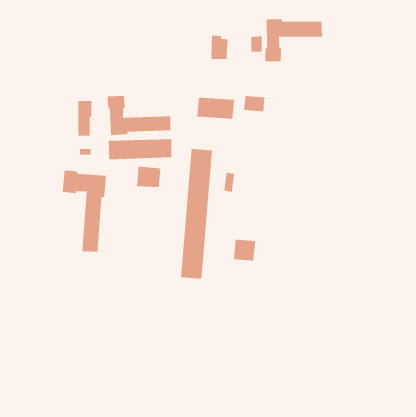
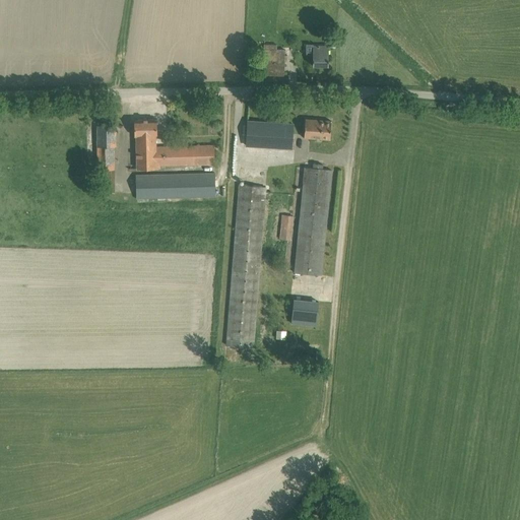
building: [265,18,322,62] -> none
building: none -> [294,162,331,275]
building: [136,166,161,188] -> none
building: [62,170,107,252] -> none

